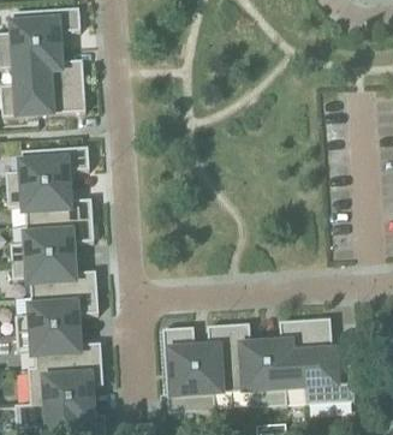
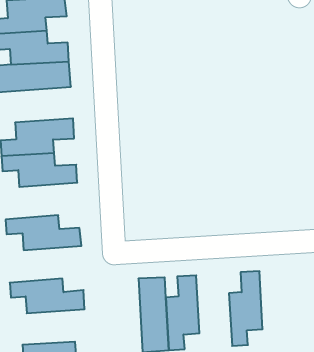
building: [8,219,93,261] -> none
building: [13,291,97,333] -> none
building: [299,317,353,403] -> none
building: [227,323,268,406] -> none
building: [28,363,102,404] -> none

